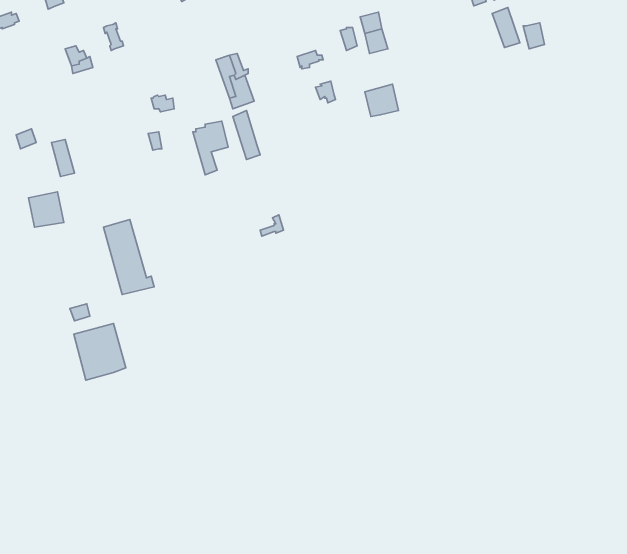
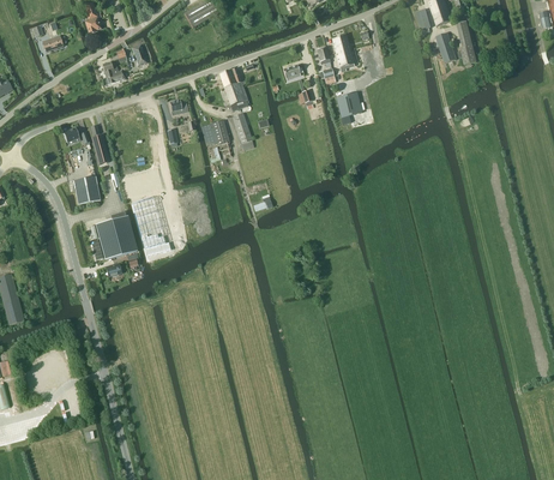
building: [74,323,126,380] -> [95,215,136,259]

